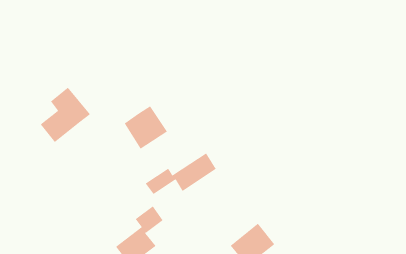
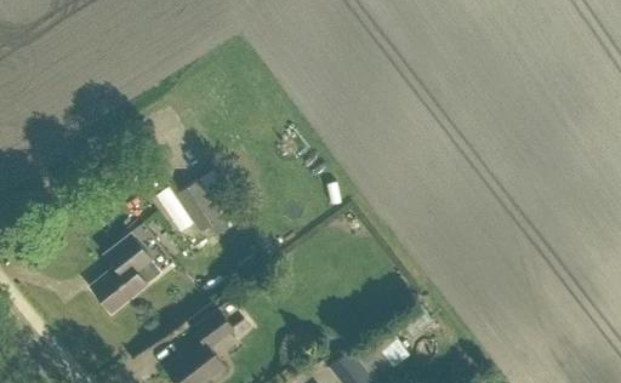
building: [40,87,91,143] -> [91,234,163,313]
building: [145,153,217,195] -> none

